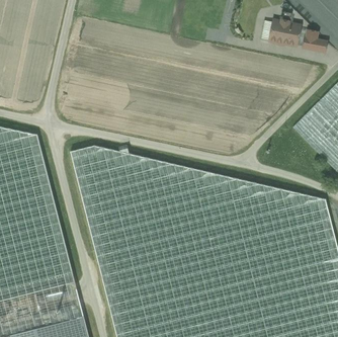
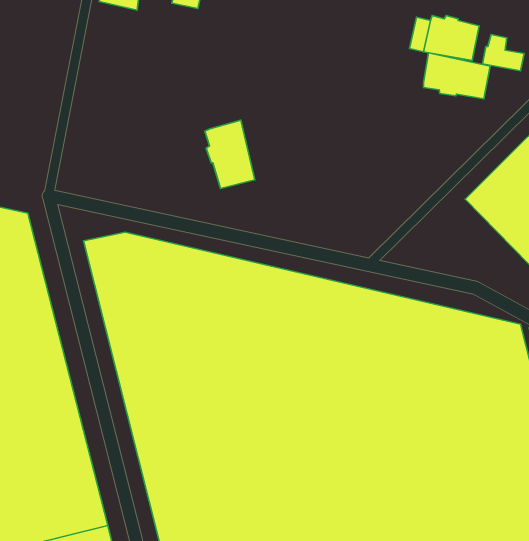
building: none -> [423,53,490,99]
building: none -> [205,120,255,188]

